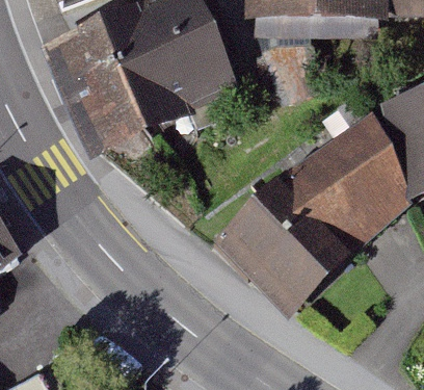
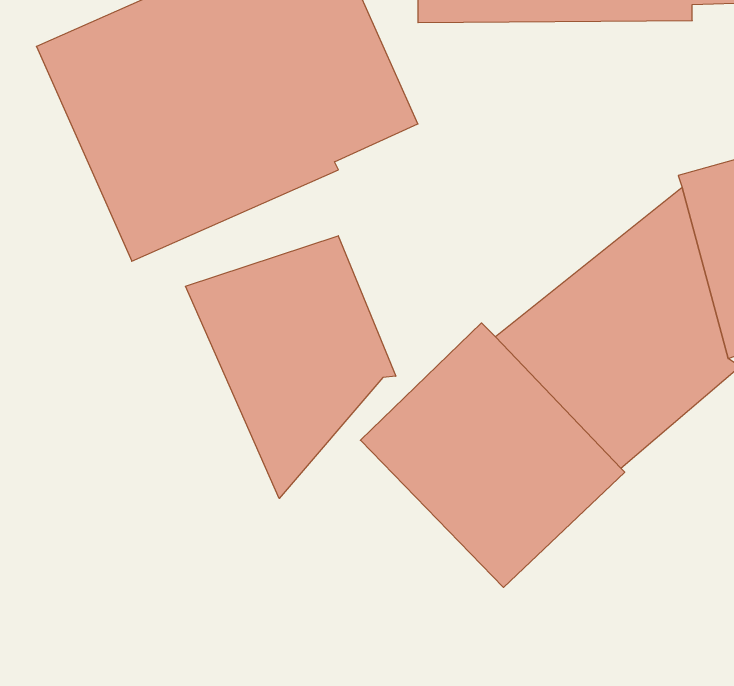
building: none -> [185,236,396,498]

